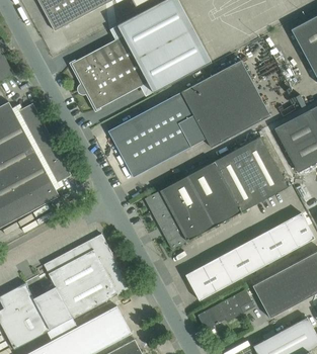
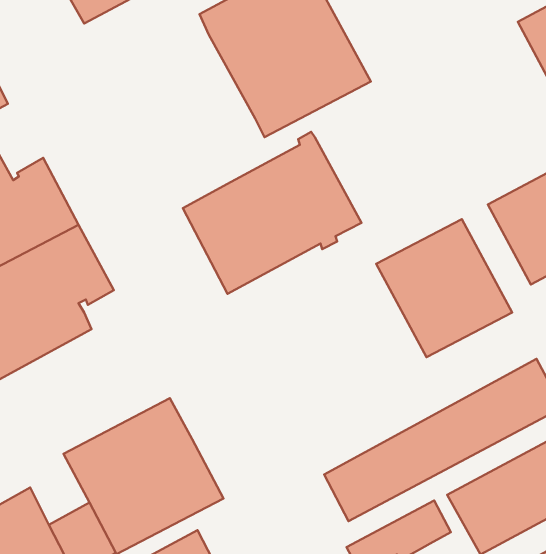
building: [72,36,148,109] -> none
building: [180,61,269,147] -> none
building: [145,161,241,249] -> none

